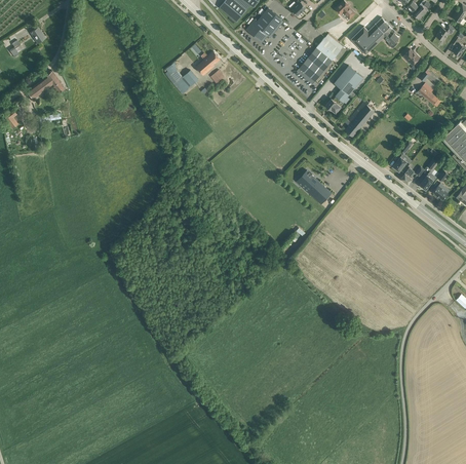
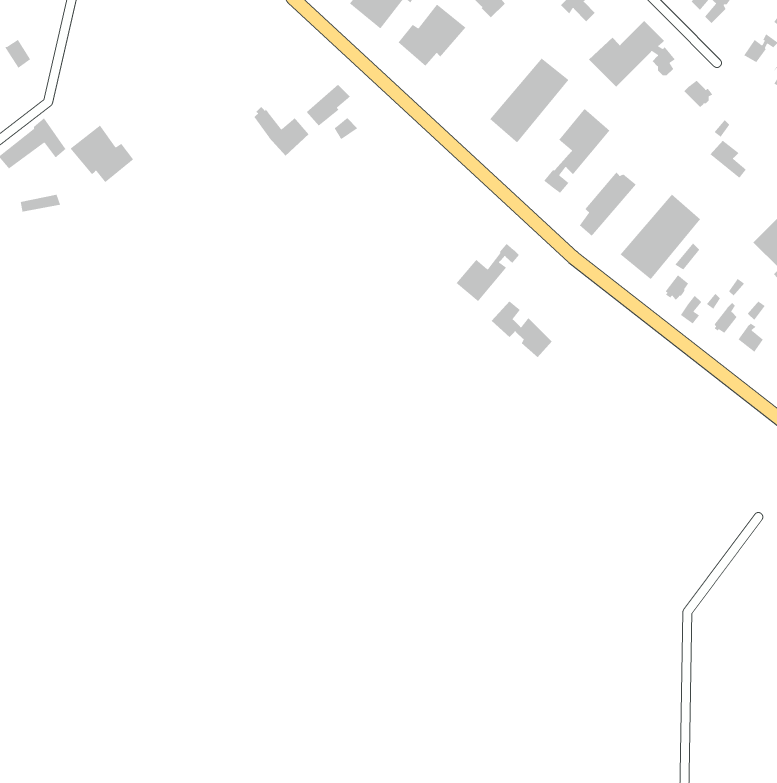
building: none -> [70,125,134,183]
building: none -> [619,193,701,280]
building: none -> [455,243,520,302]

